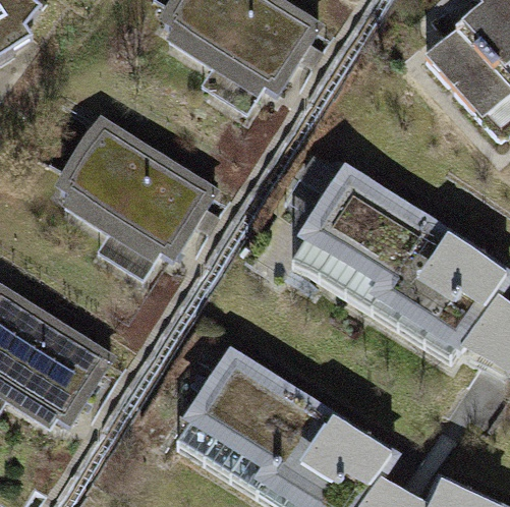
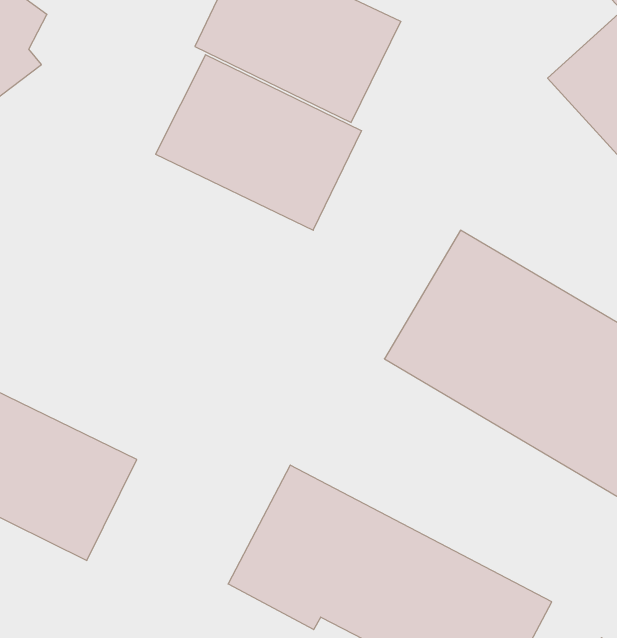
building: [45,129,196,259] -> [156,55,362,230]

